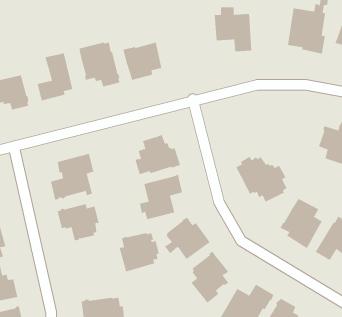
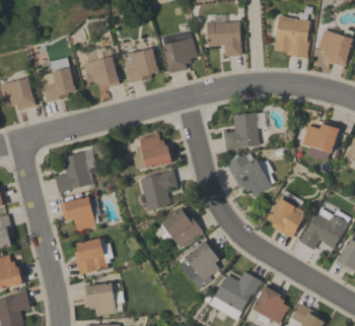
building: none -> [162,31,198,73]
building: none -> [224,112,266,149]
building: [119,233,160,272] -> [74,238,112,274]

